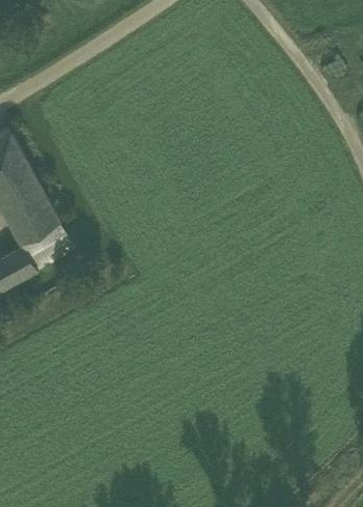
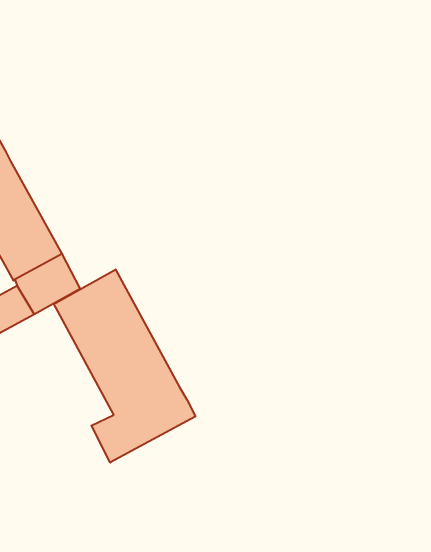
building: none -> [54,269,195,463]

